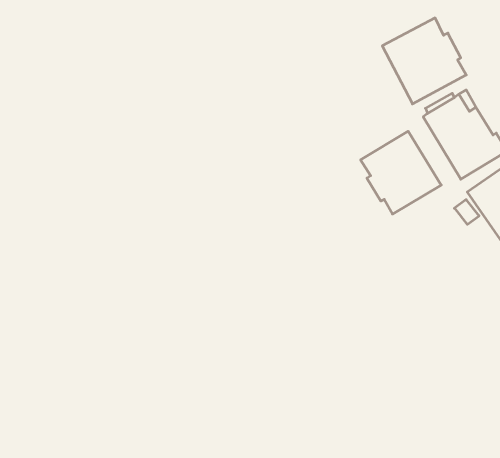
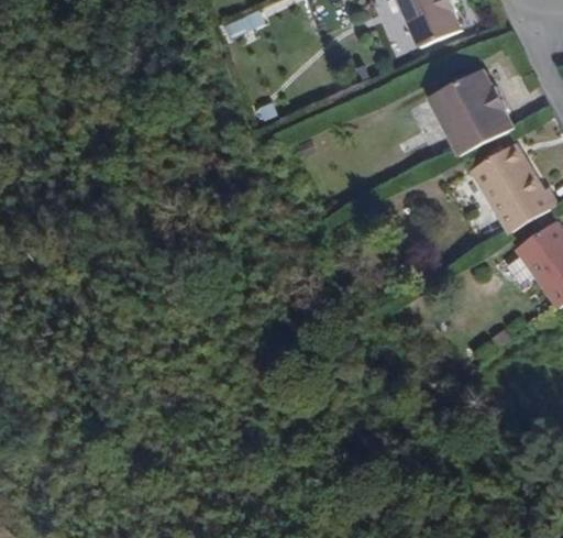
building: [361,131,441,214] -> none

